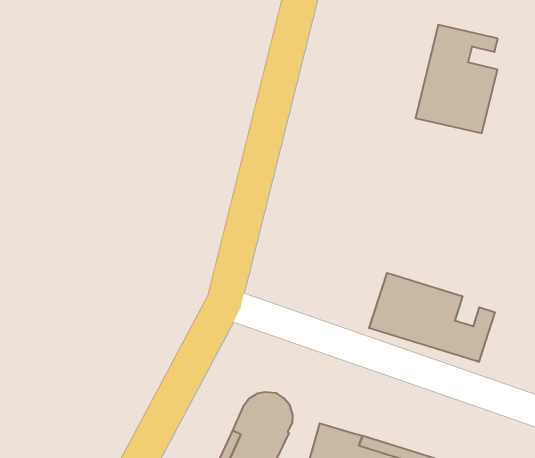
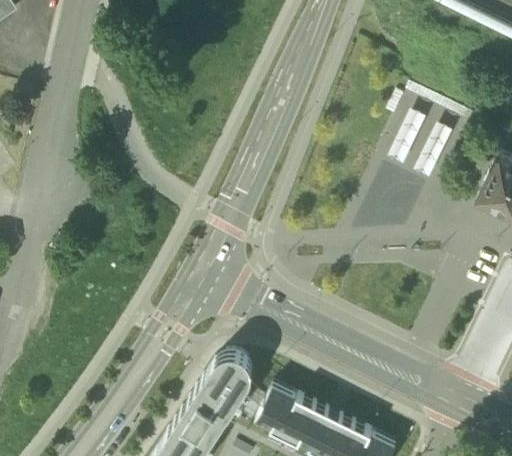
building: [369,273,495,362] -> none

